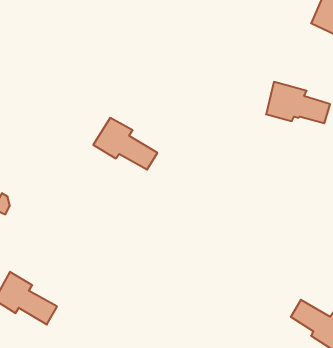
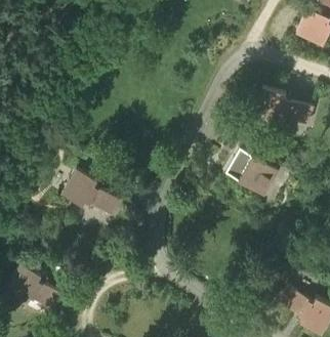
building: [93,118,157,170] -> [61,167,120,214]
building: none -> [225,146,278,194]

